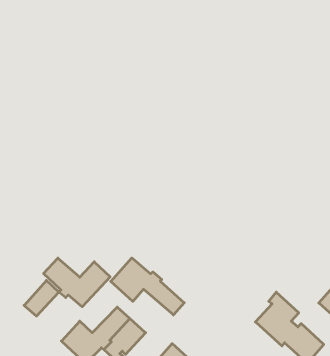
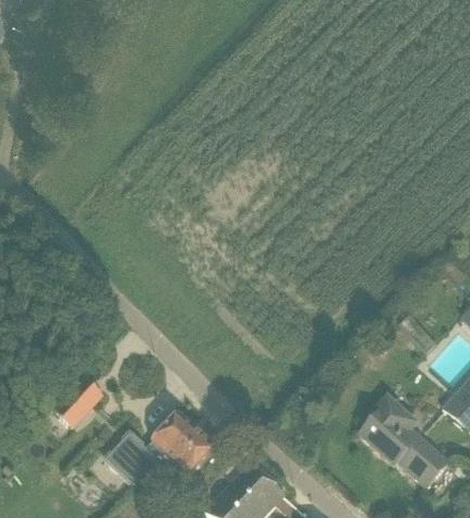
building: [111,258,184,315] -> none
building: [44,258,110,307] -> none

